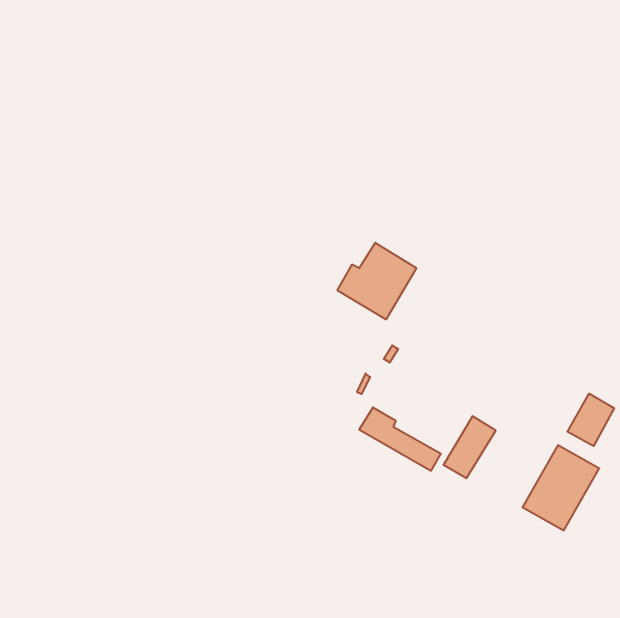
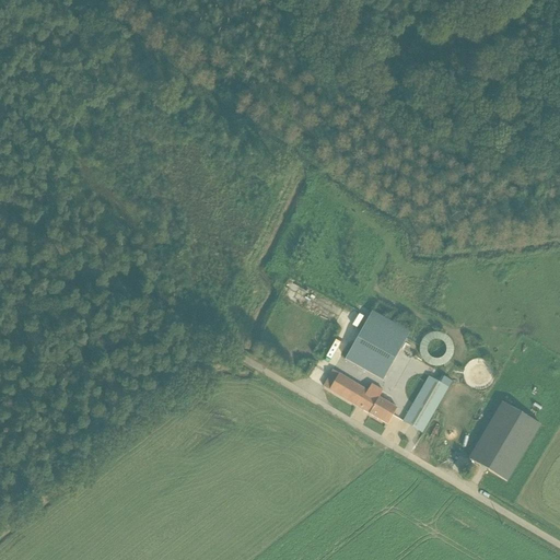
building: [337,243,416,319] -> [339,311,410,380]
building: [567,394,614,446] -> none

